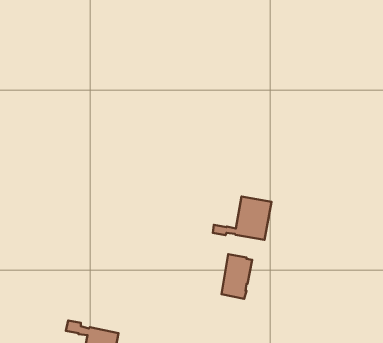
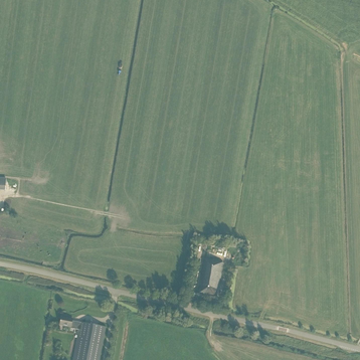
building: [213,196,272,240] -> none

